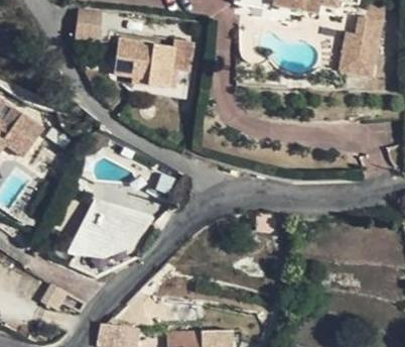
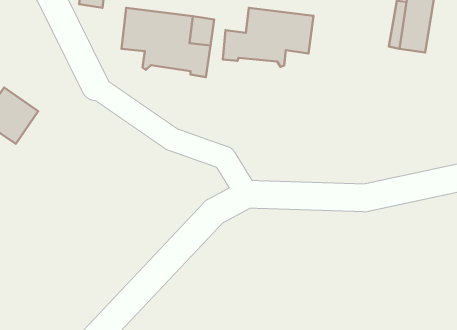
building: none -> [223,8,313,67]
building: [76,199,140,249] -> none

